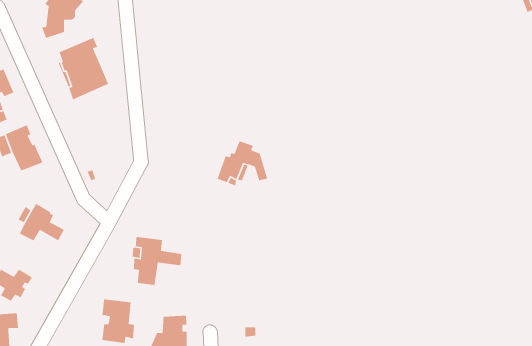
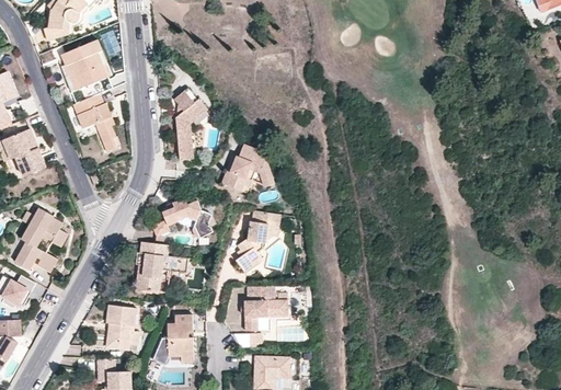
building: none -> [176,90,209,159]
building: none -> [73,92,118,152]
building: none -> [162,198,213,237]
building: none -> [238,210,282,273]
building: none -> [14,241,57,273]
building: none -> [245,286,289,331]

